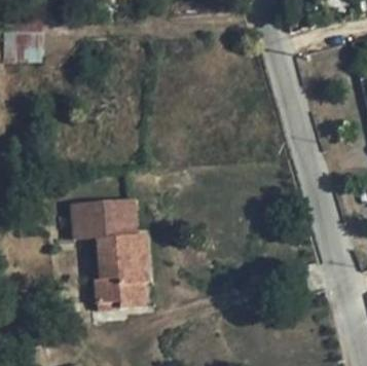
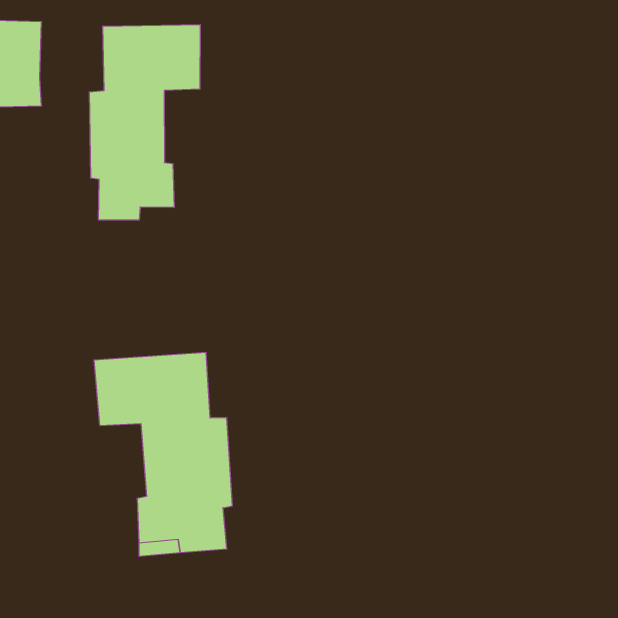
building: none -> [90,25,200,220]

